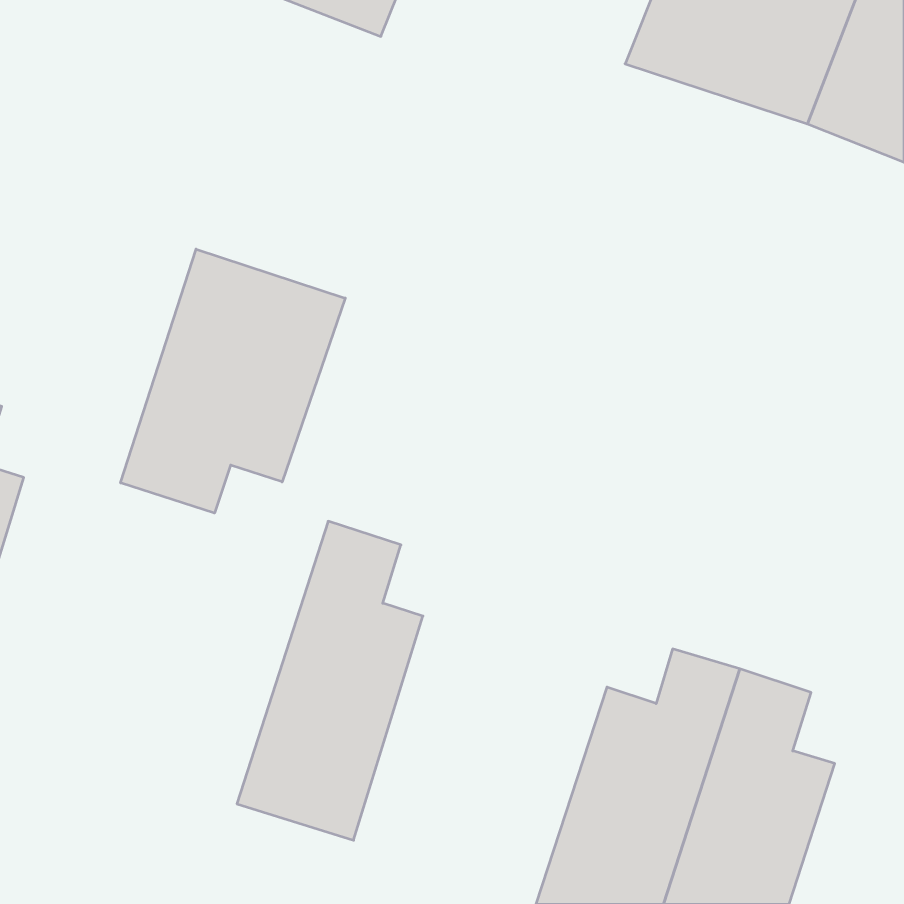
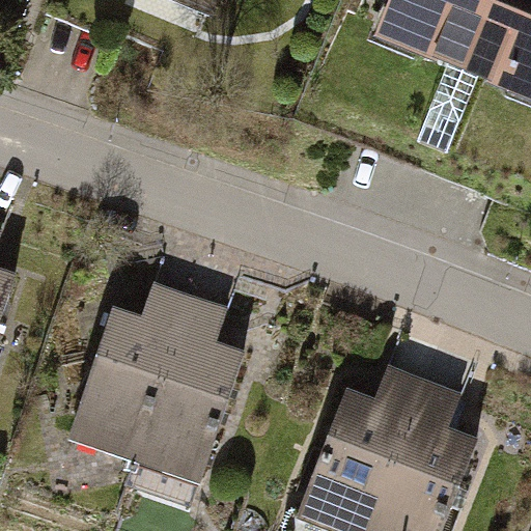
building: [121,249,345,513] -> none
building: none -> [69,284,187,457]

